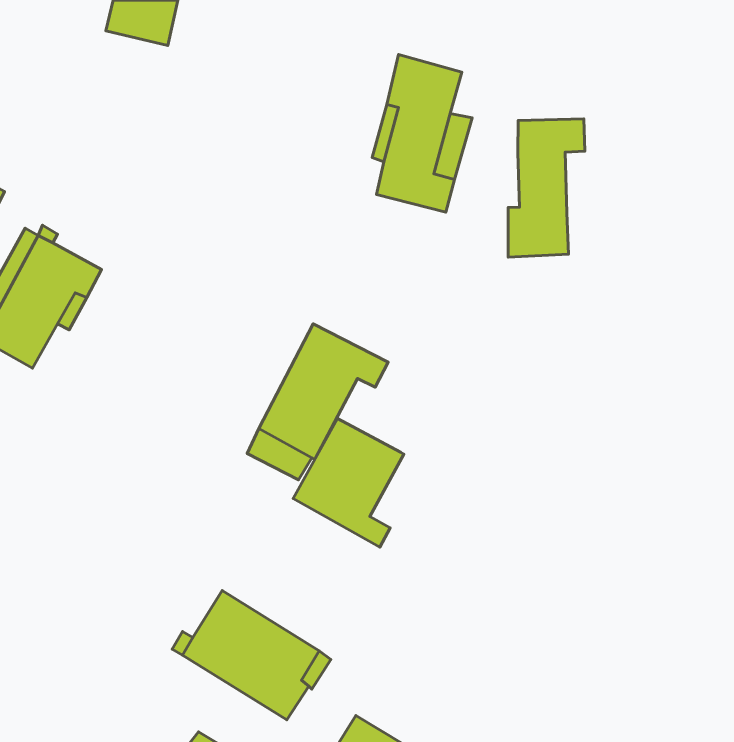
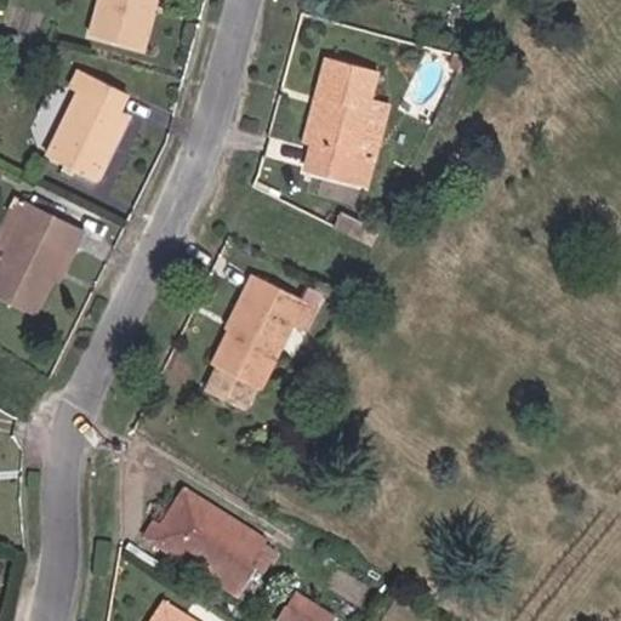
building: none -> [41,65,124,176]
building: [508,119,585,257] -> none
building: [293,419,404,547] -> none

